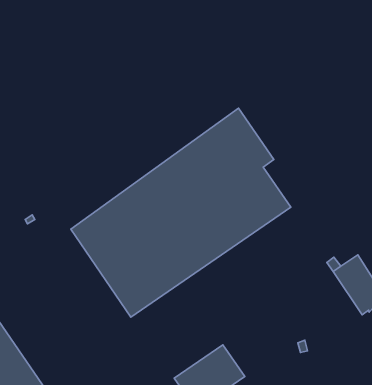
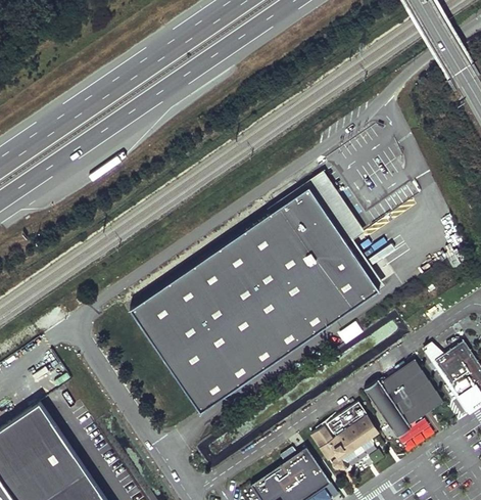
building: none -> [368,357,446,439]
building: none -> [312,399,387,476]

